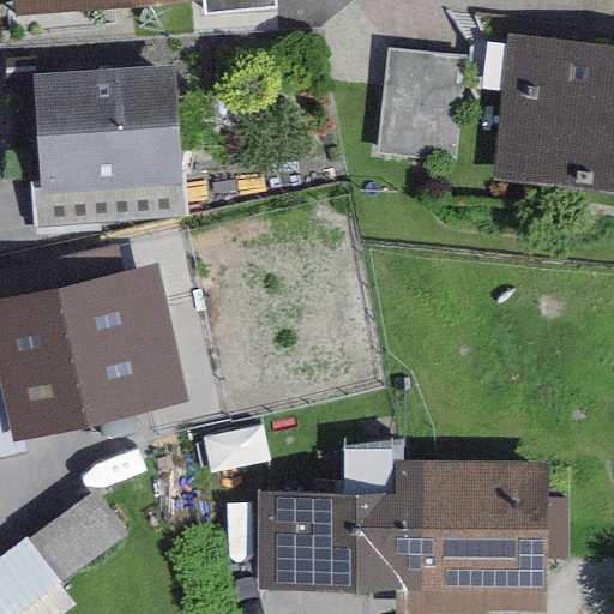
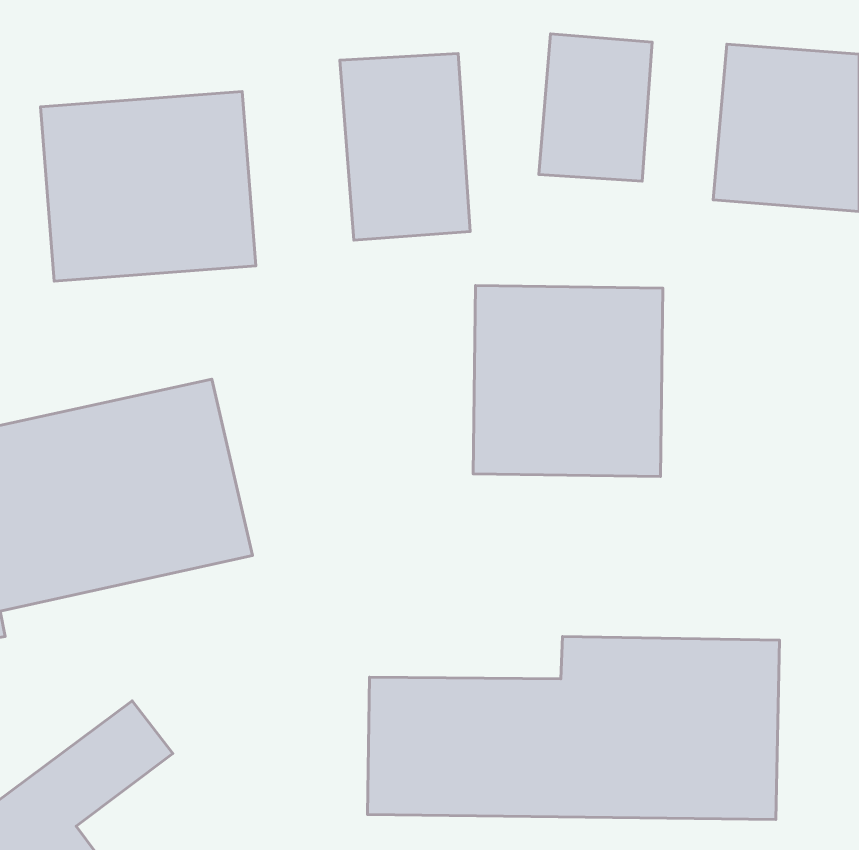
building: none -> [340,54,470,240]
building: none -> [473,286,663,477]

